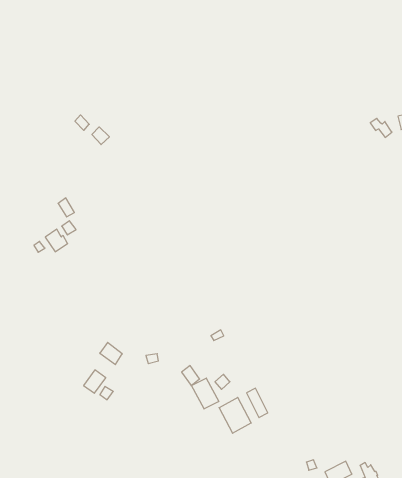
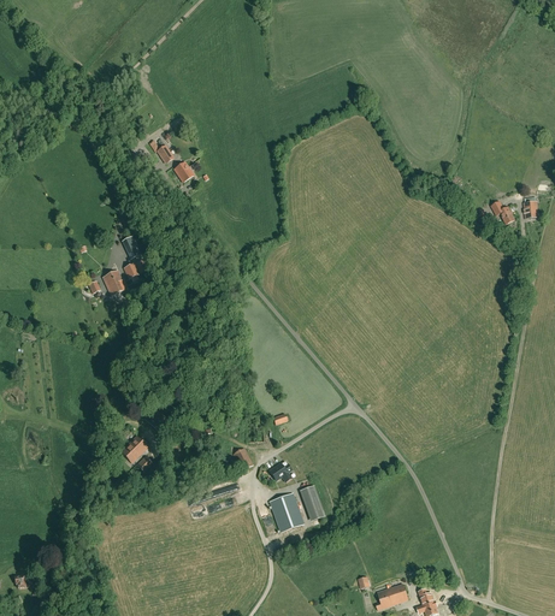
building: [192,378,219,409] -> none

